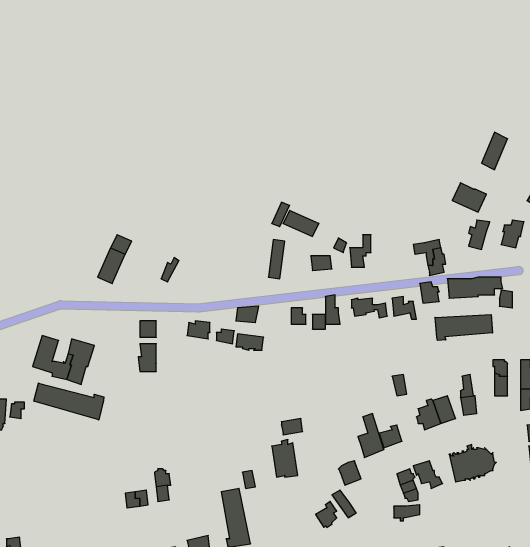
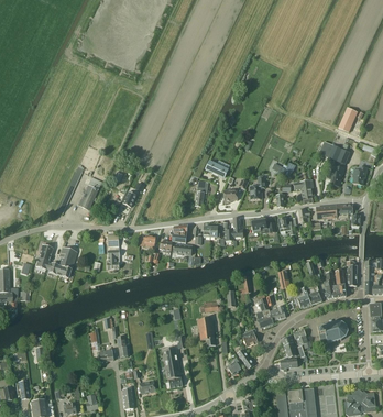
building: [435,315,492,340] -> none
building: [34,383,104,420] -> none

